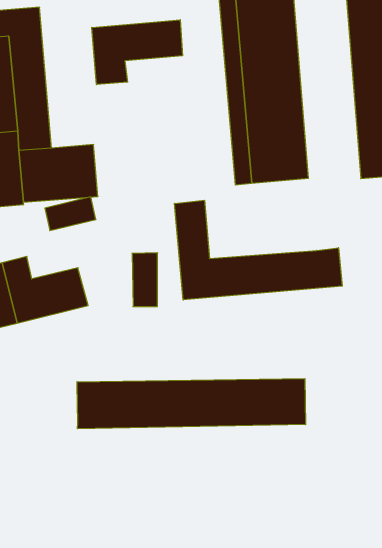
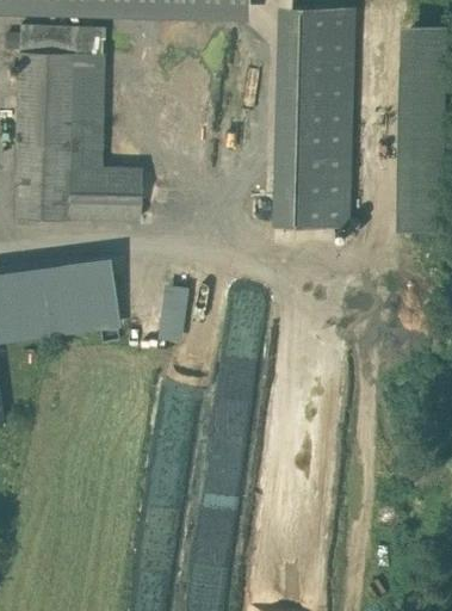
building: [92,20,182,85] -> none
building: [45,197,96,231] -> [63,265,112,294]
building: [175,200,342,300] -> none
building: [77,379,306,429] -> none

